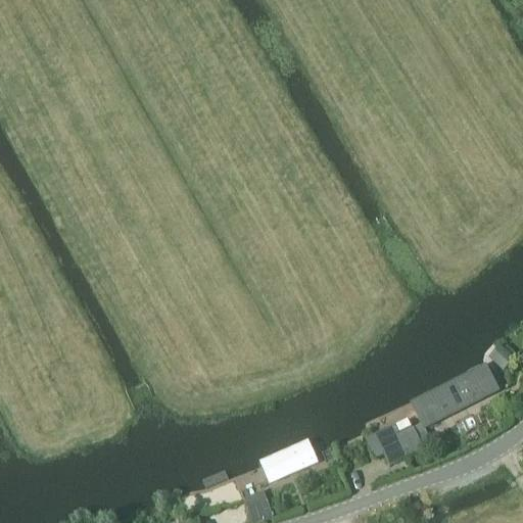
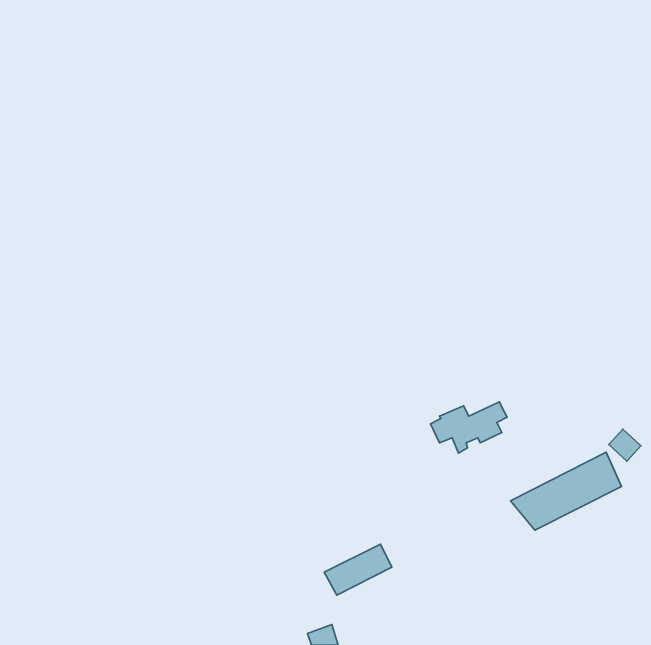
building: [367,423,428,464] -> [430,402,507,453]

